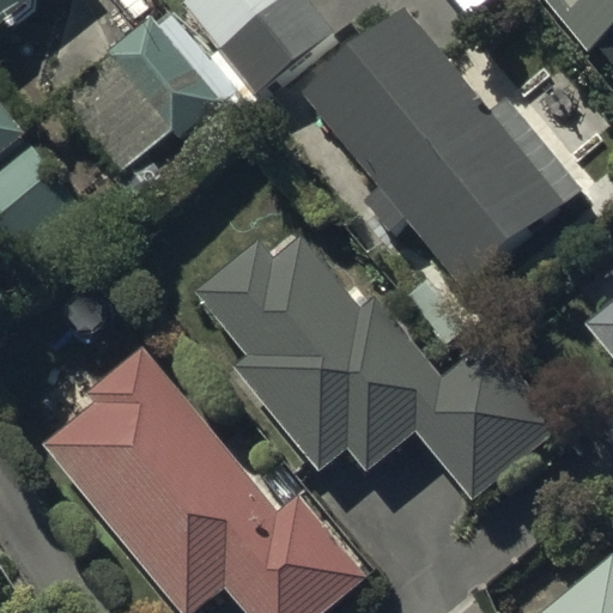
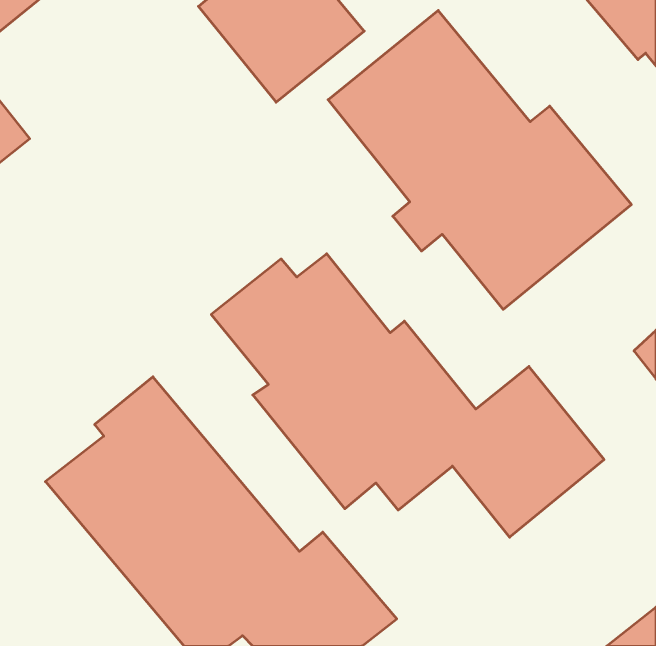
building: [60,11,251,182] -> none

